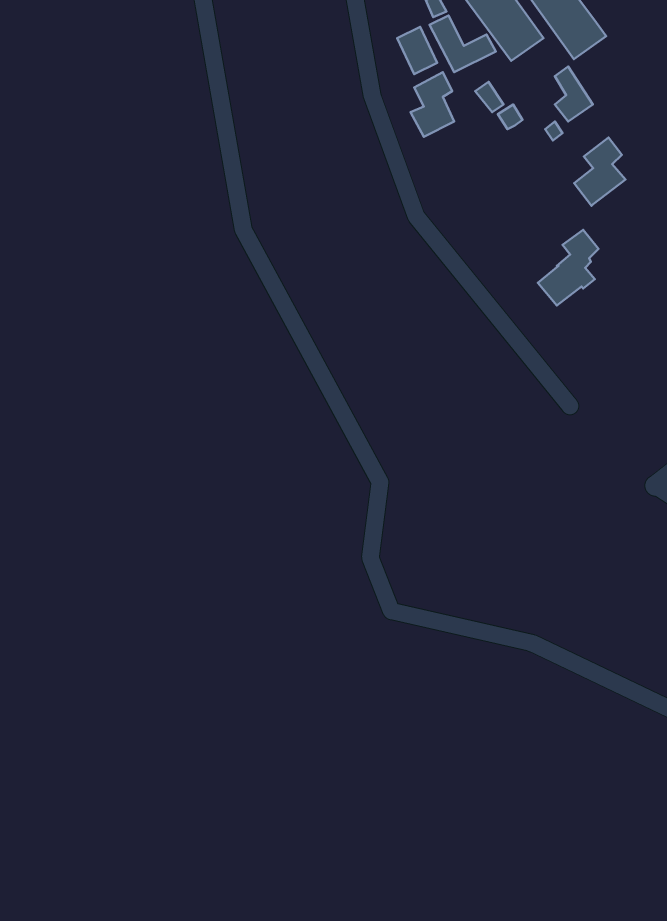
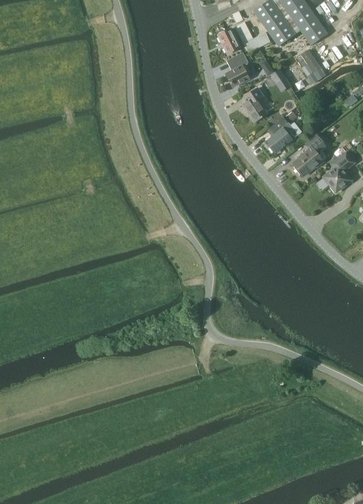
building: [574,138,626,206] -> [265,117,292,153]
building: none -> [243,88,266,121]
building: none -> [324,152,354,191]

